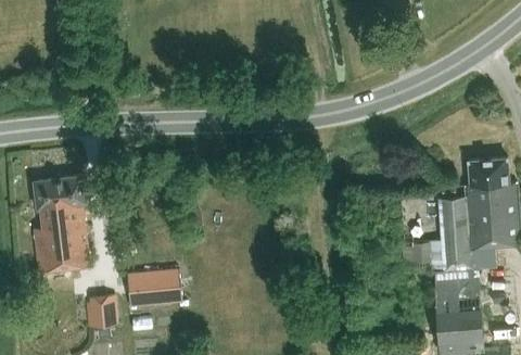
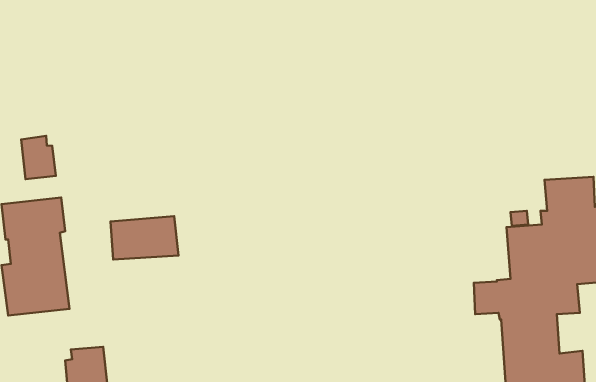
building: none -> [21,136,56,179]
building: [127,270,181,305] -> [110,216,178,260]

